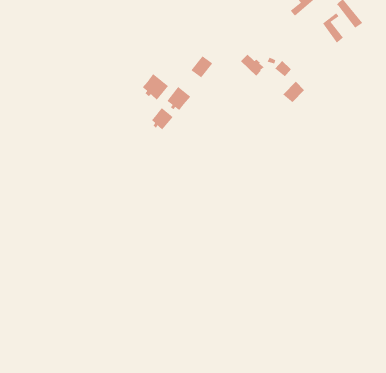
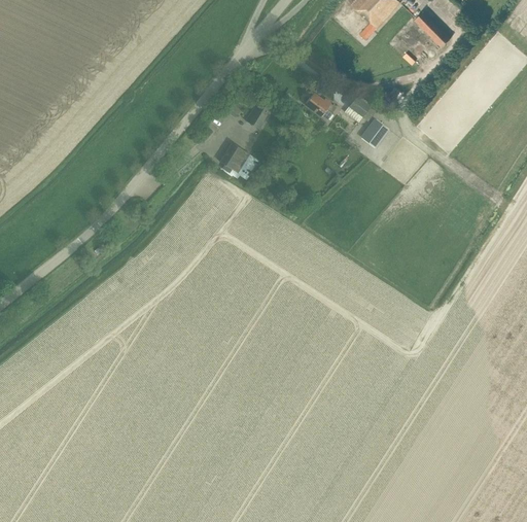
building: [142,73,169,100] -> none
building: [151,107,174,130] -> none

